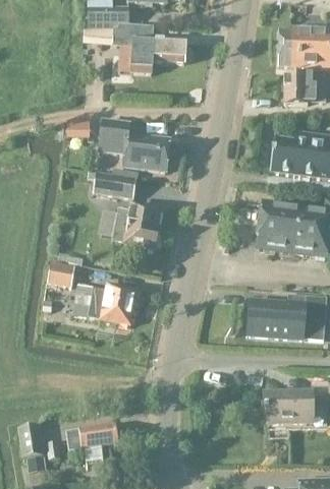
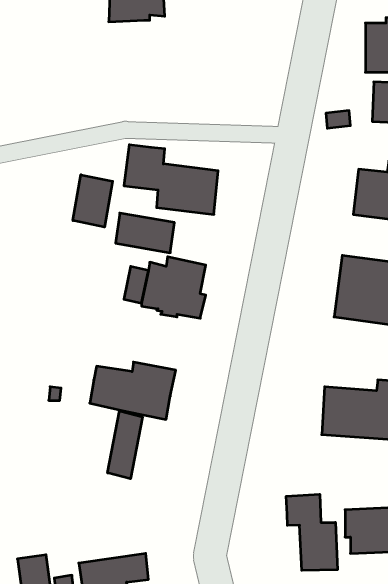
building: [113,22,186,72] -> none
building: none -> [73,175,113,227]
building: [49,260,76,287] -> none
building: none -> [108,411,142,479]
building: none -> [286,494,337,570]

